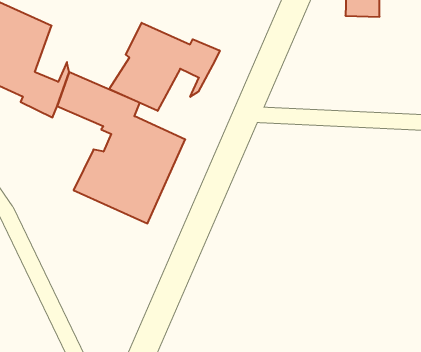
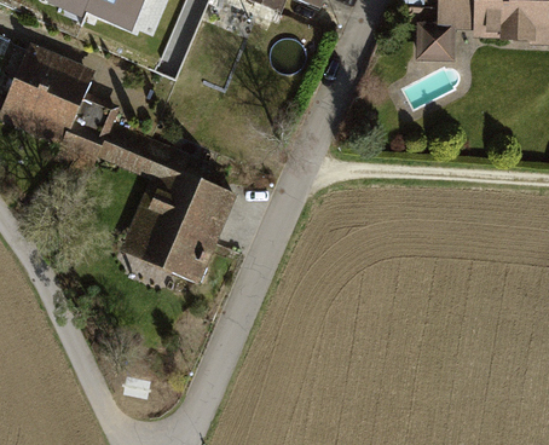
building: [109,23,220,111] -> none

